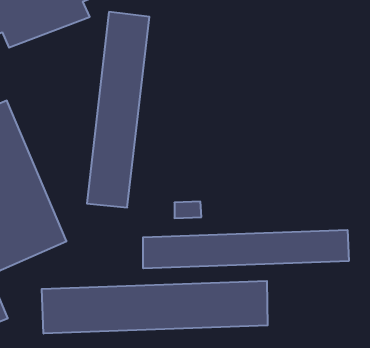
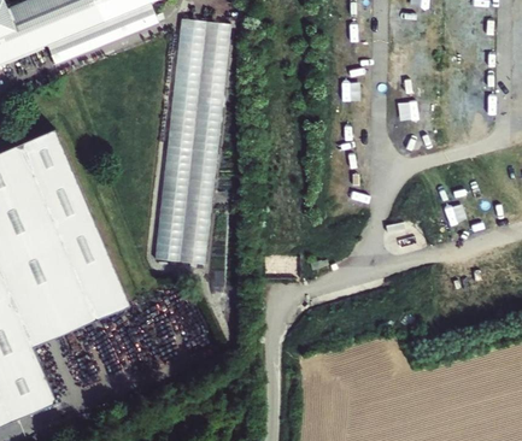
building: [143,230,349,268] -> none
building: [42,281,268,334] -> none

